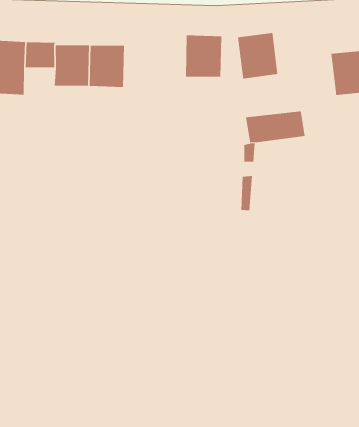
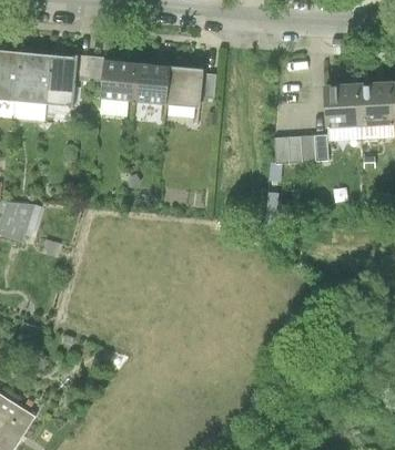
building: [237,32,278,79] -> [324,85,359,126]
building: [185,35,222,77] -> [165,65,202,106]

